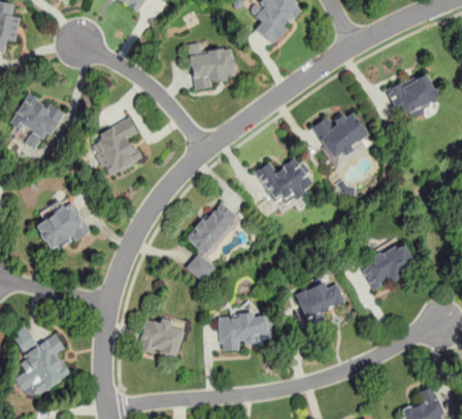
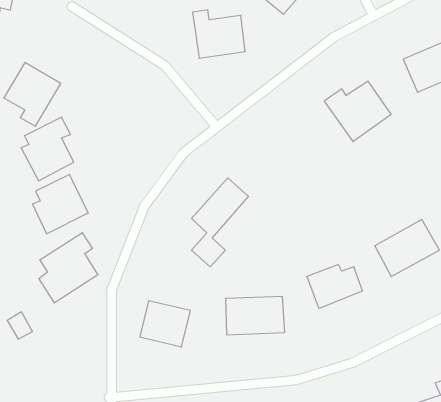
building: [92,117,141,176] -> [21,117,74,181]
building: [255,152,318,208] -> none
building: [14,334,70,400] -> [39,233,98,303]

